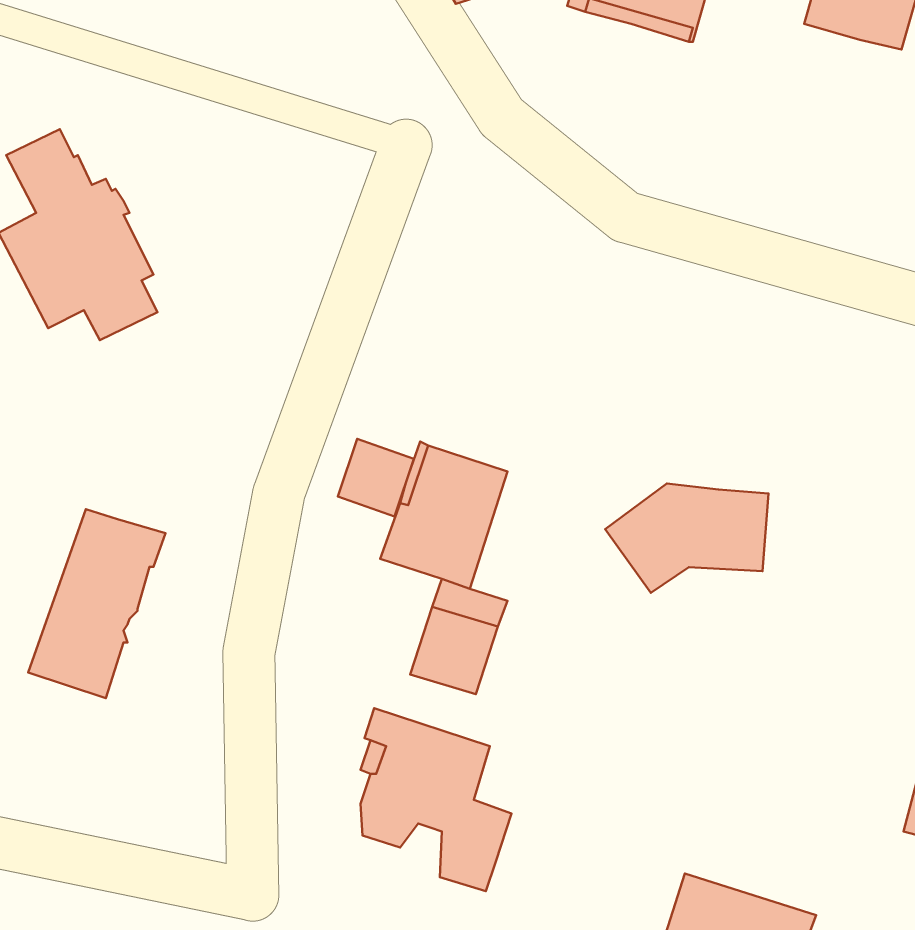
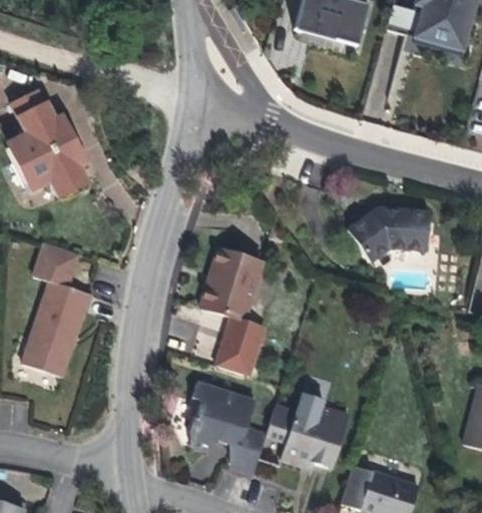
building: none -> [33,241,78,287]
building: [338,439,414,517] -> none
building: [605,483,768,593] -> [347,206,429,262]
building: none -> [266,393,349,468]

